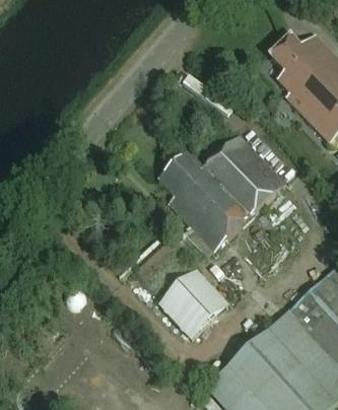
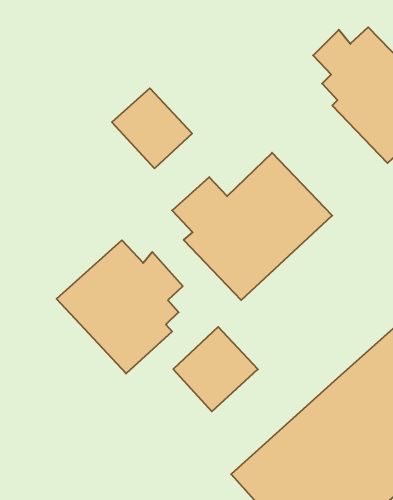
building: none -> [112,88,192,168]
building: none -> [57,240,183,374]

